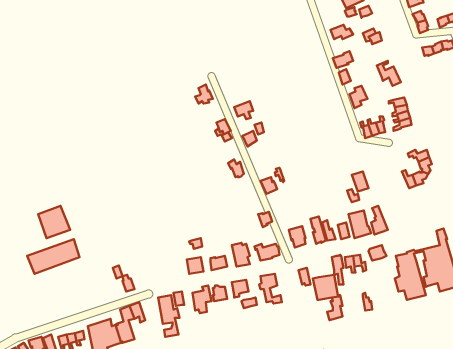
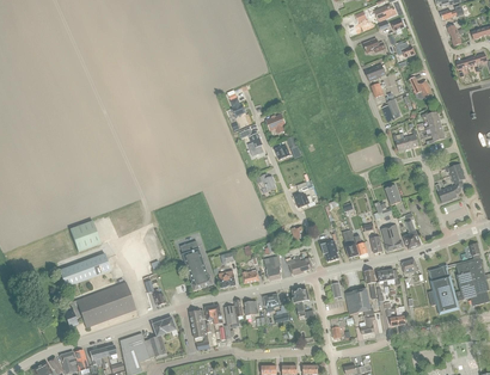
building: none -> [179,240,213,290]
building: none -> [63,281,135,326]

